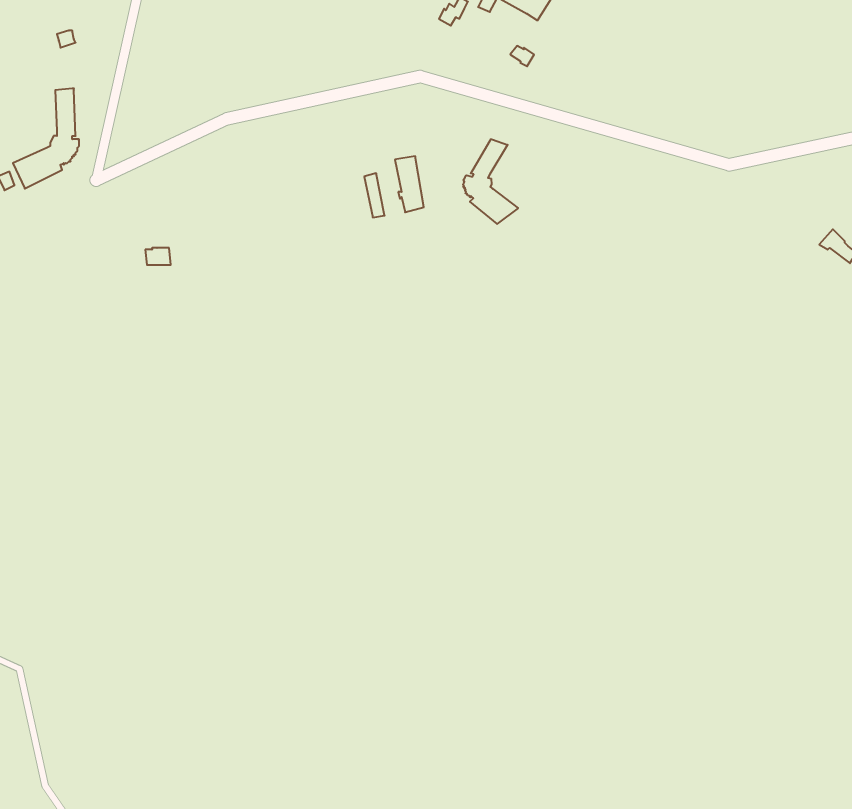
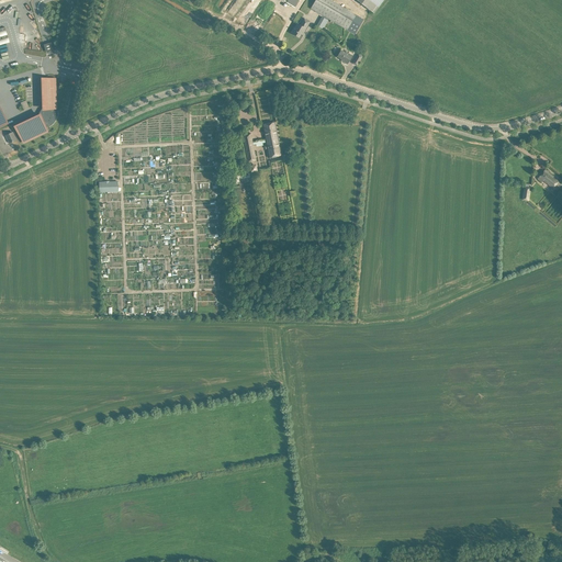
building: [463,139,518,224] -> none

